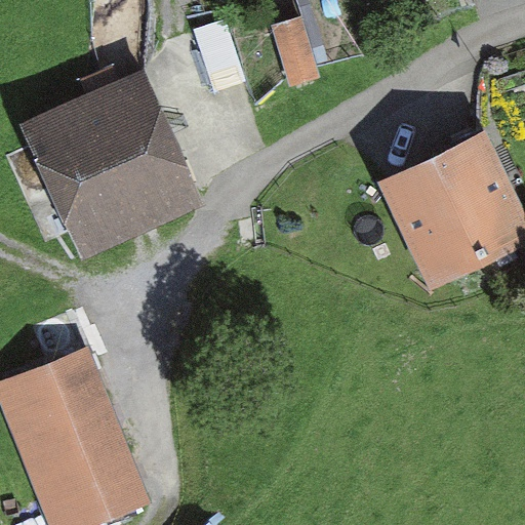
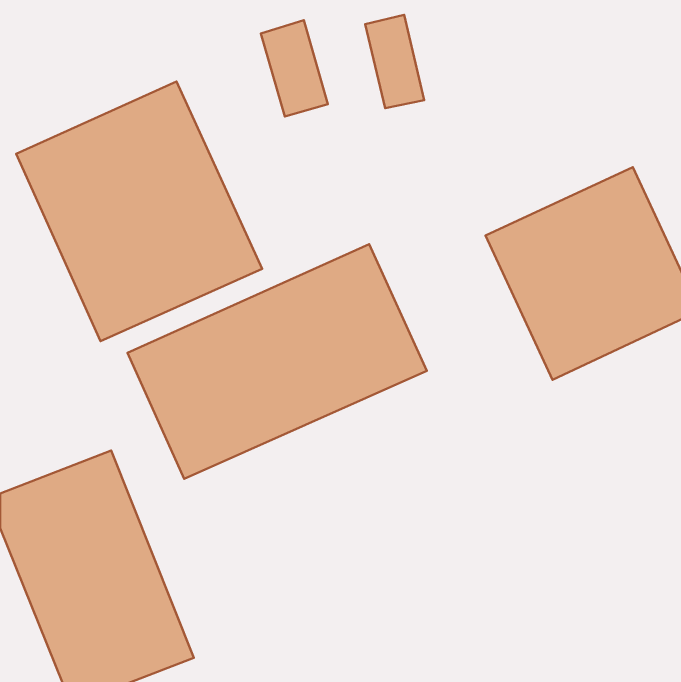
building: none -> [128,244,427,479]

